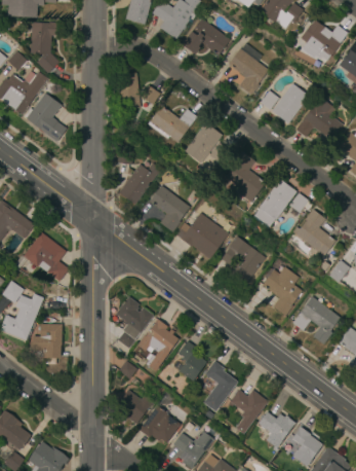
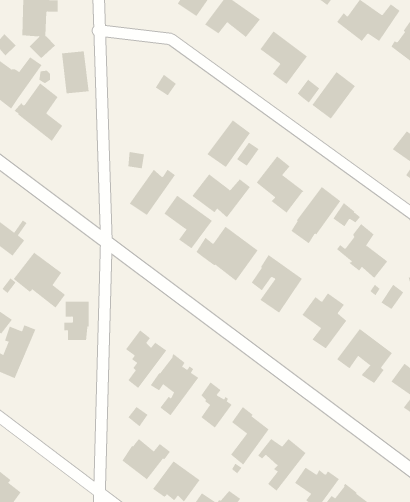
building: [117,74,141,110] -> [61,51,89,94]
building: [295,97,344,141] -> none
building: [148,106,197,143] -> [191,174,251,218]
building: [40,325,62,358] -> [63,301,89,341]

